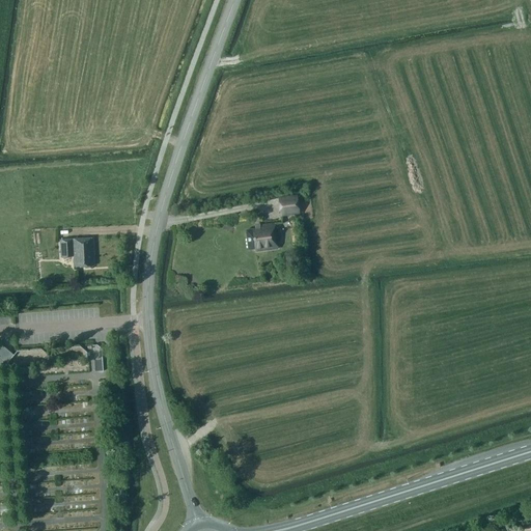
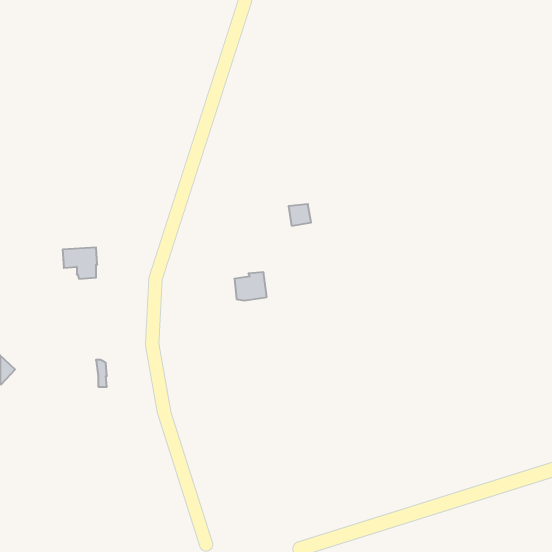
building: [246,224,277,251] -> [234,272,267,300]

